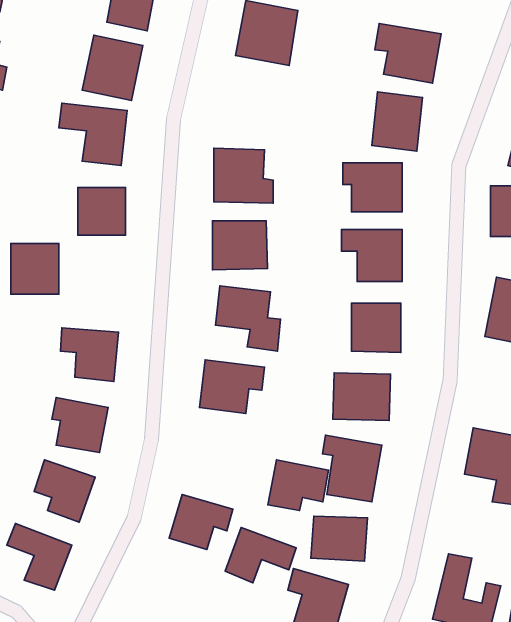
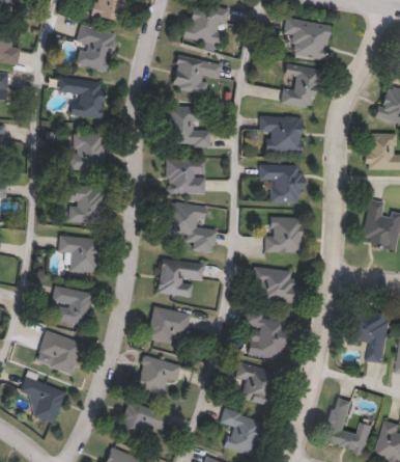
building: none -> [171,58,221,96]
building: [11,243,59,294] -> [67,186,102,222]
building: [268,460,329,511] -> [146,306,190,343]
building: [225,528,296,583] -> [117,401,168,440]

